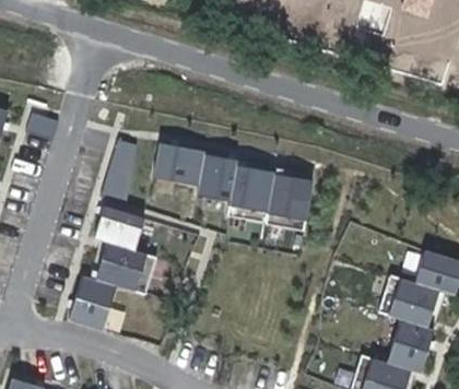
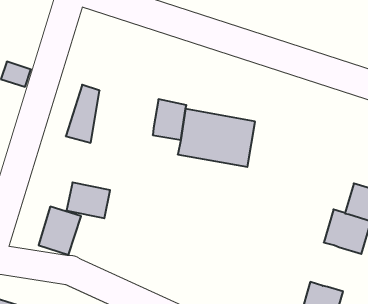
building: [151,141,203,186] -> none
building: [92,205,141,249] -> none
building: [388,318,432,373] -> none

